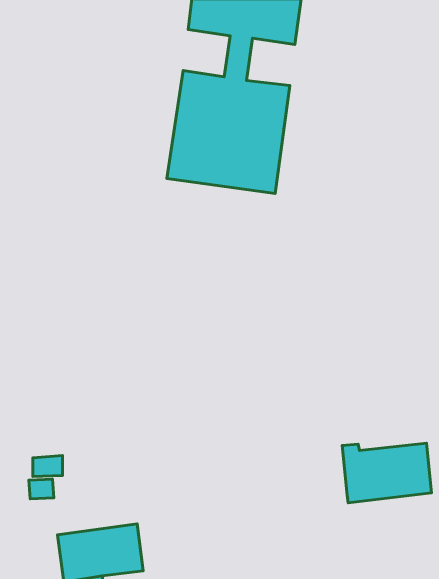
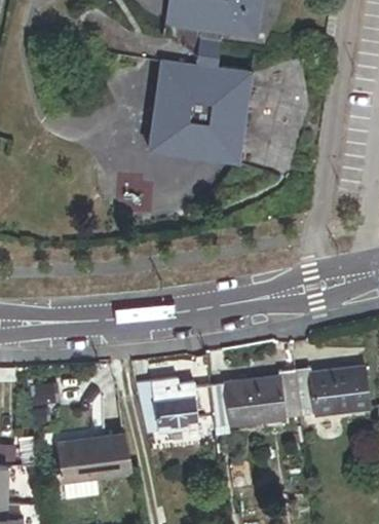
building: none -> [210,370,299,426]
building: none -> [137,379,198,434]

